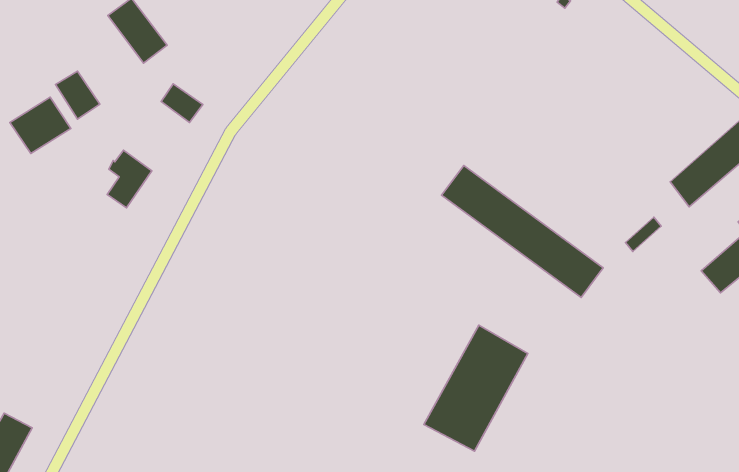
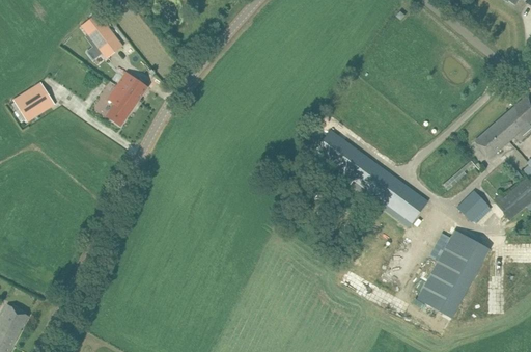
building: [56,71,100,119] -> none
building: [107,150,152,208] -> [107,85,138,126]
building: none -> [457,191,487,221]
building: [424,325,528,451] -> [416,228,488,317]

